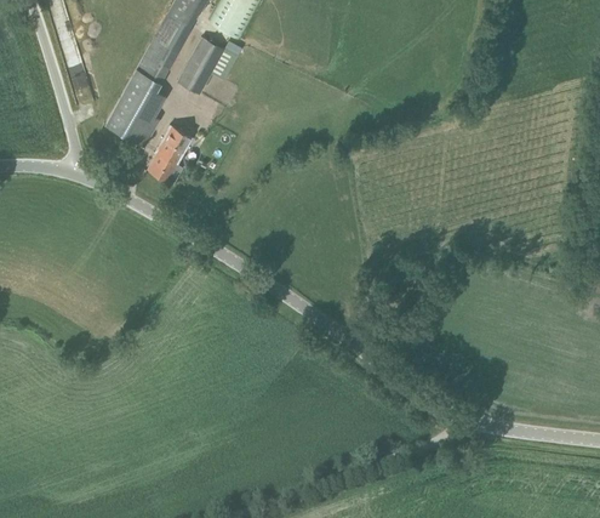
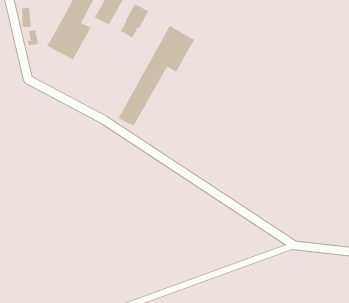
building: none -> [118,25,195,127]
building: [148,126,192,180] -> [120,3,149,38]

